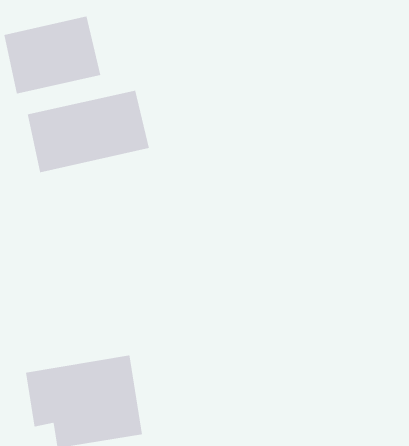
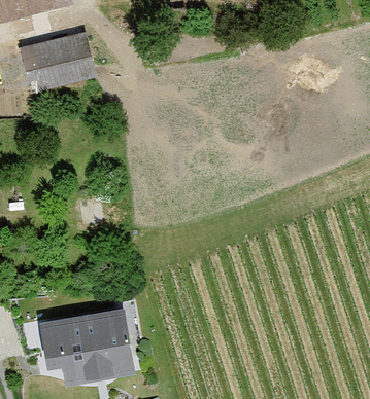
building: [27,90,149,173] -> none

